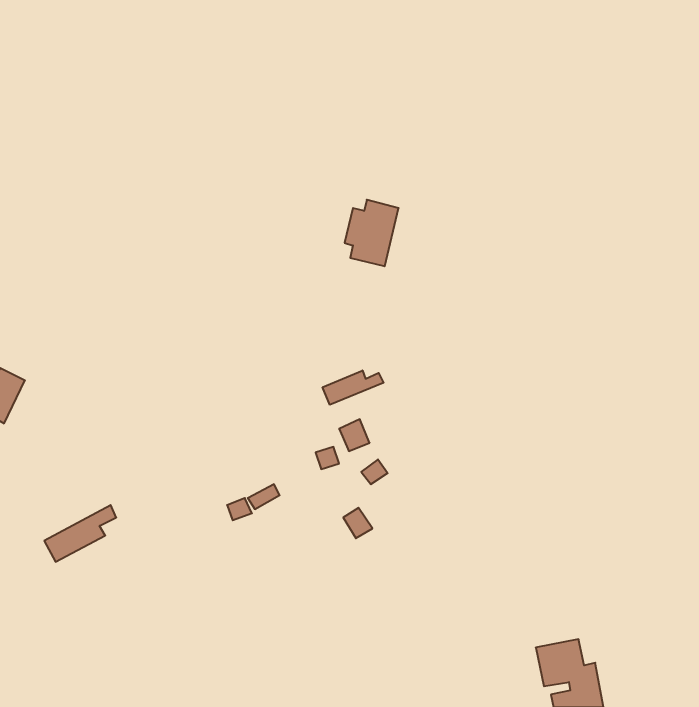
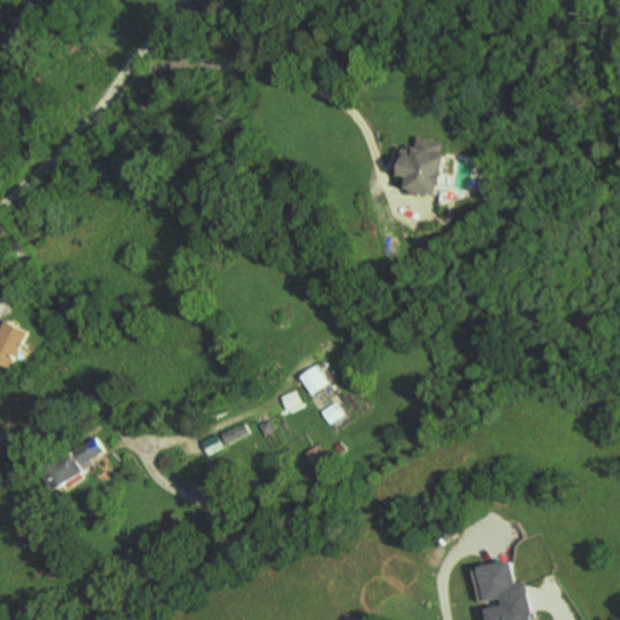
building: [345,200,399,266] -> [396,138,443,196]
building: [323,370,384,405] -> none

